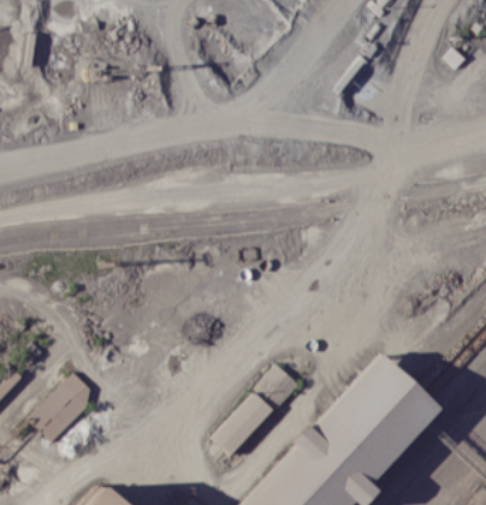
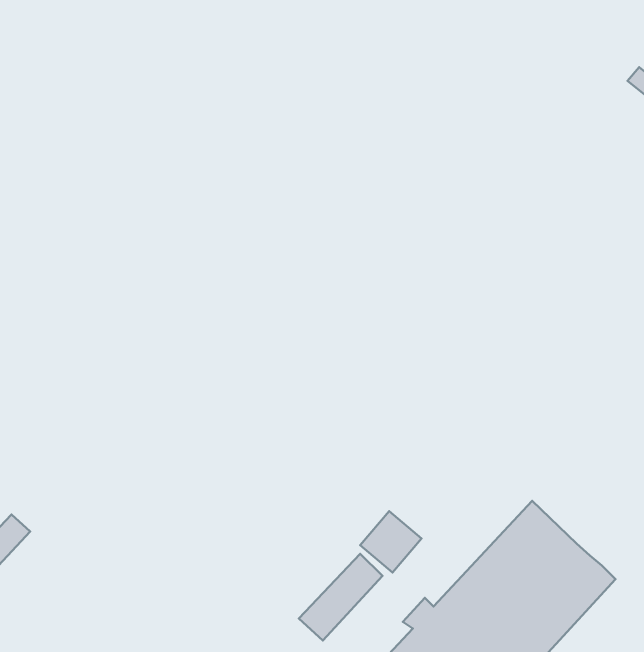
building: [30,373,99,441] -> none

